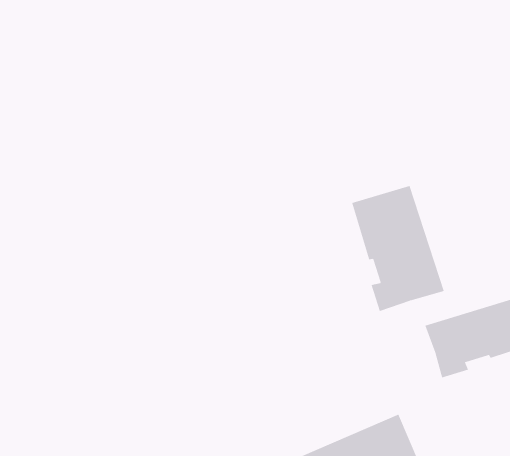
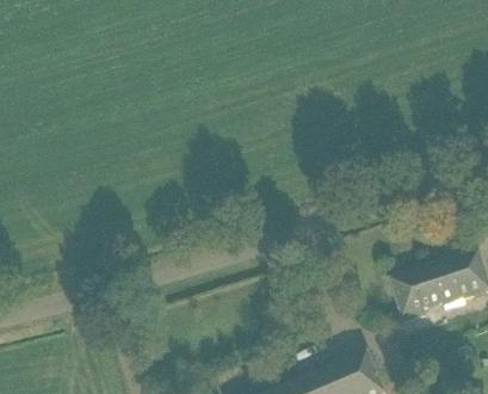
building: [351,185,445,312] -> none

